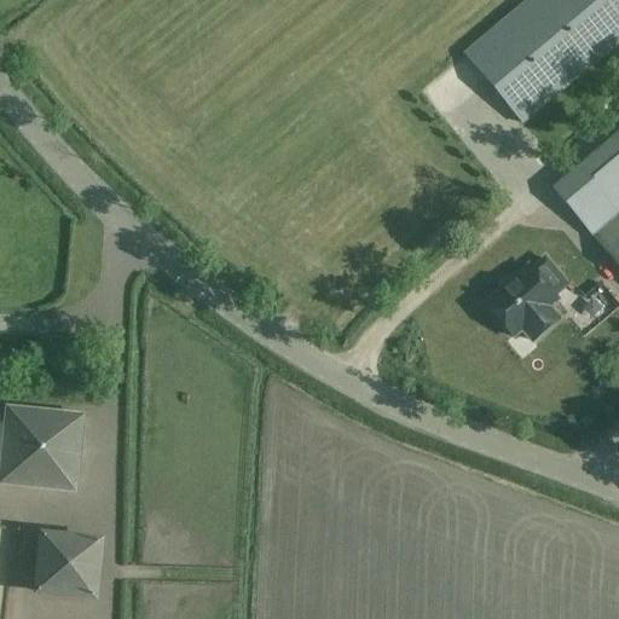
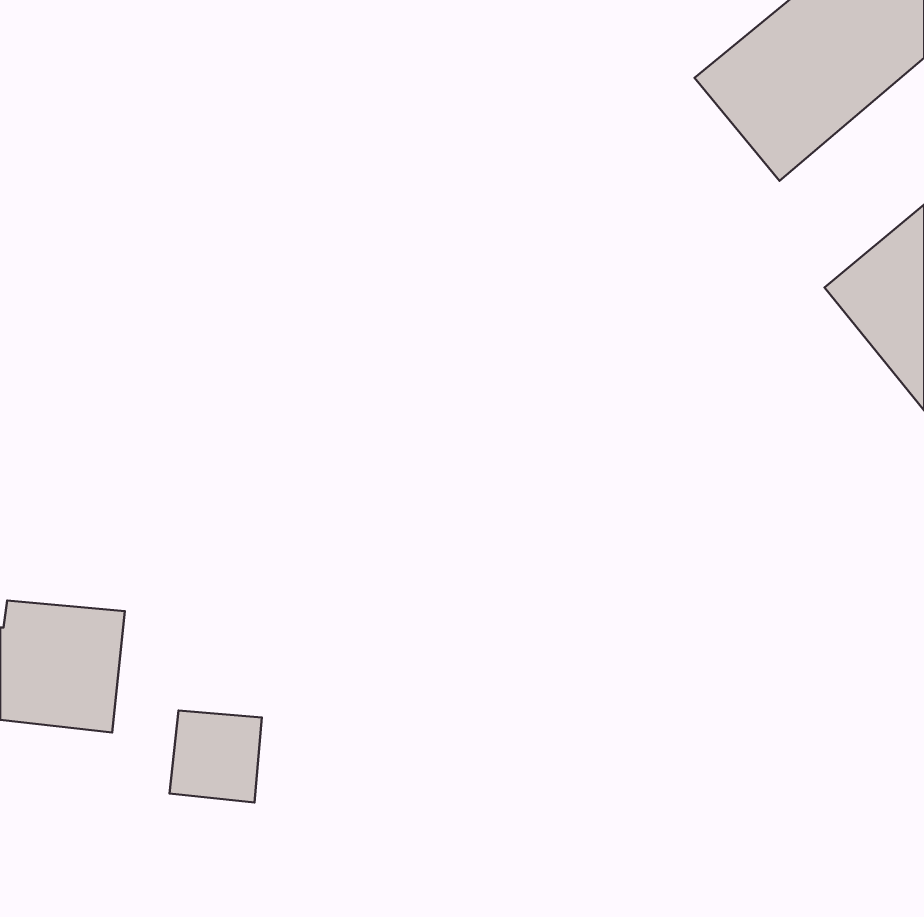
building: [485,255,561,337] -> none
building: [36,533,98,595] -> [169,710,262,803]

